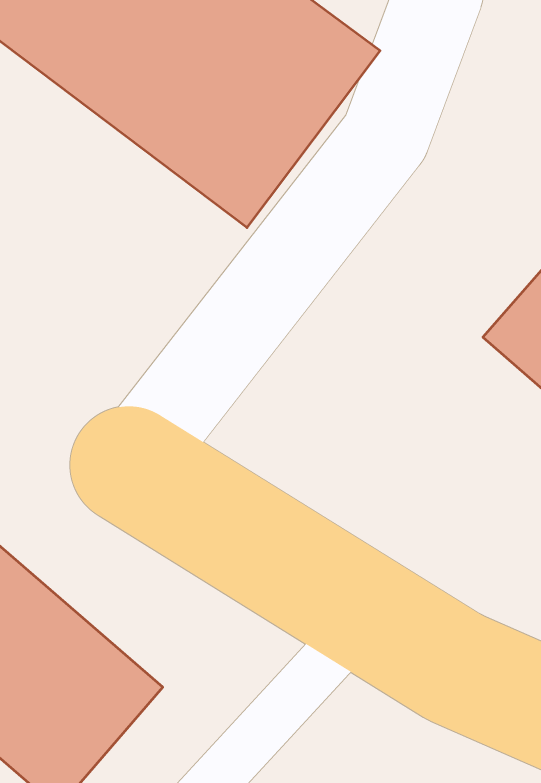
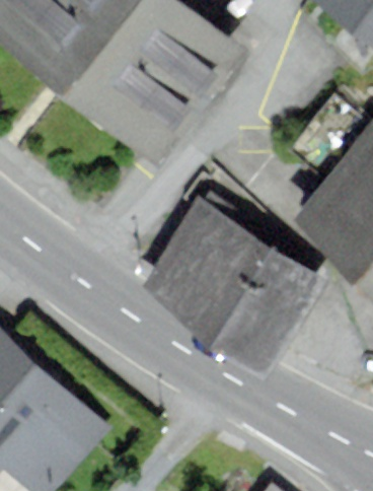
building: none -> [151,207,312,355]

